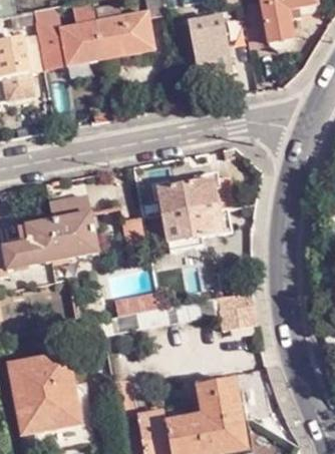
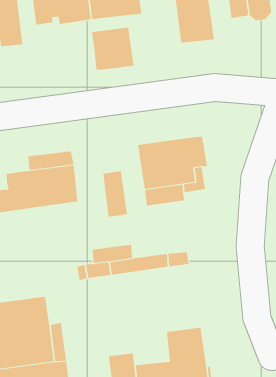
building: none -> [92,27,134,71]

